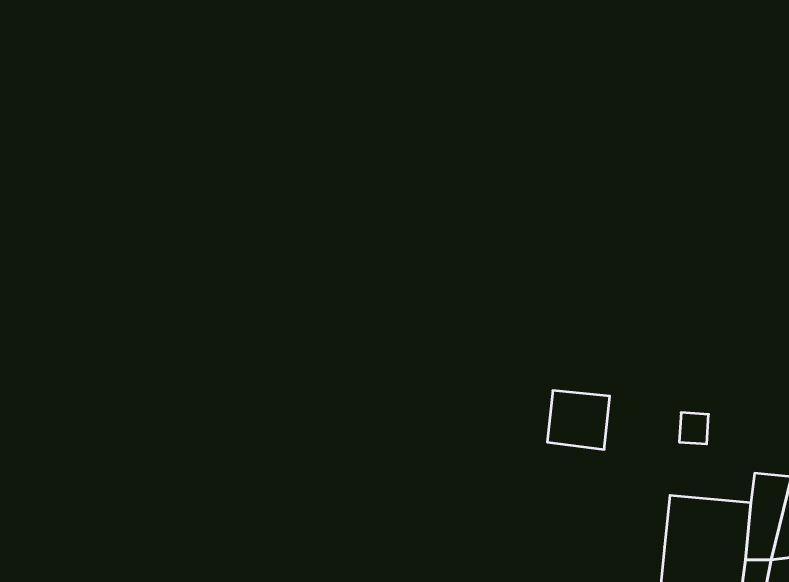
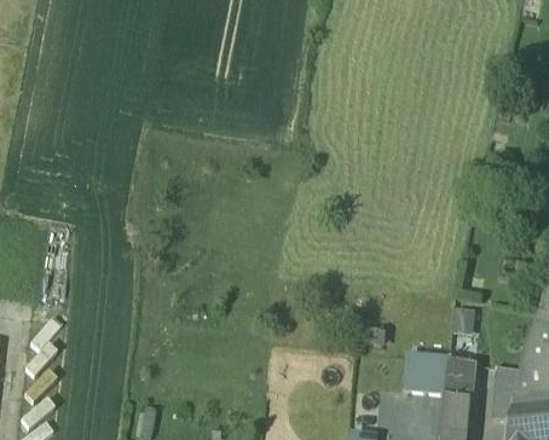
building: [547,391,610,449] -> [406,353,447,392]

